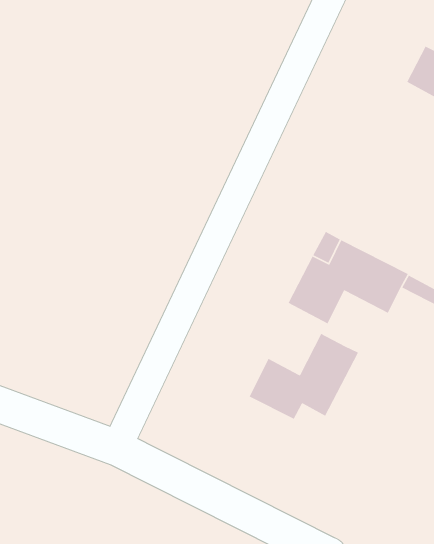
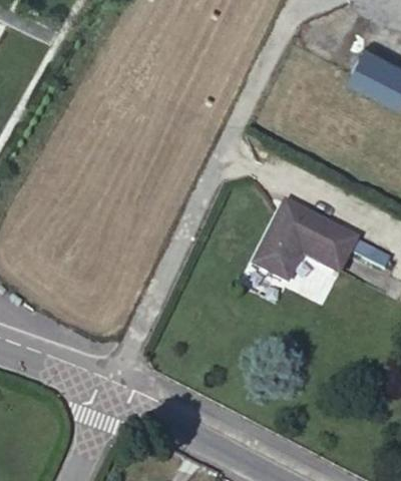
building: [249,333,359,420] -> none

